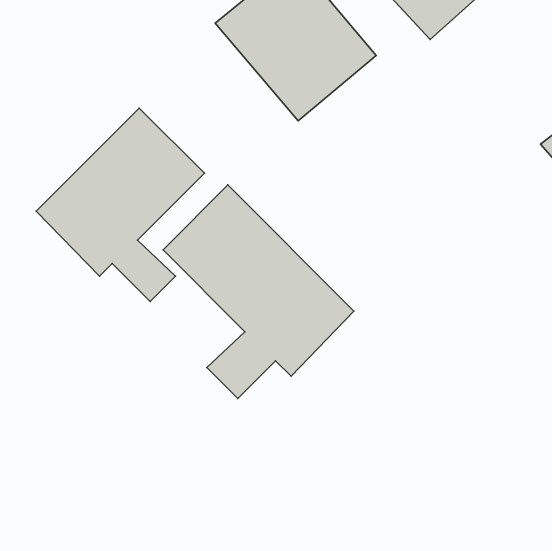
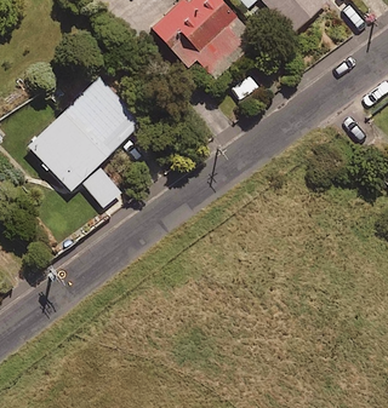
building: [163,185,354,399] -> none

